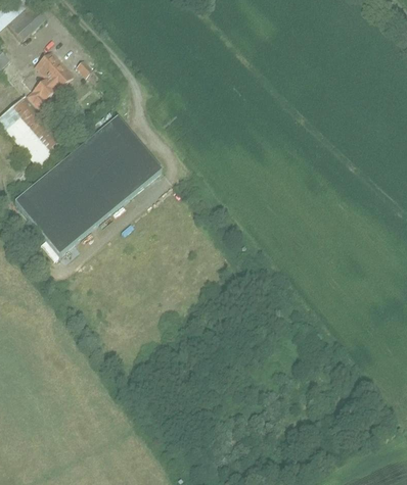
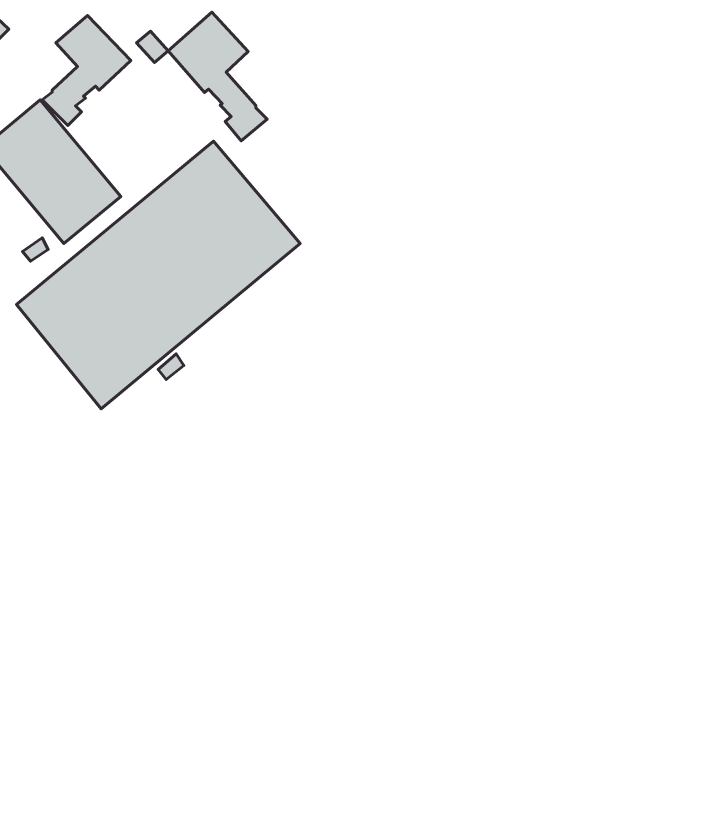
building: none -> [168,12,267,141]

